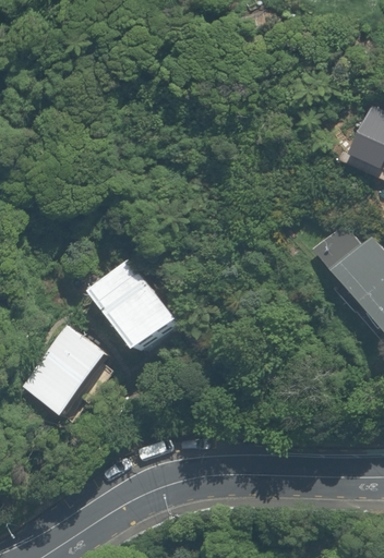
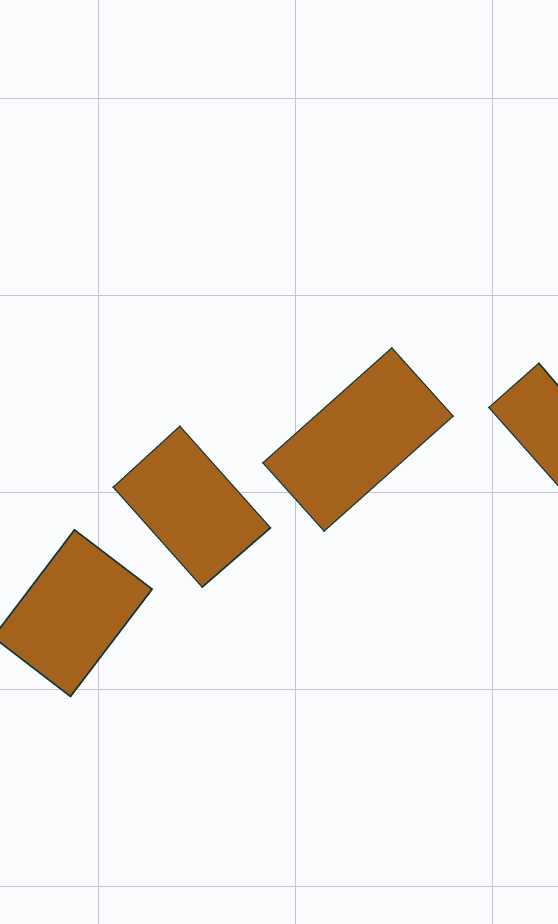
building: none -> [263,348,453,531]

